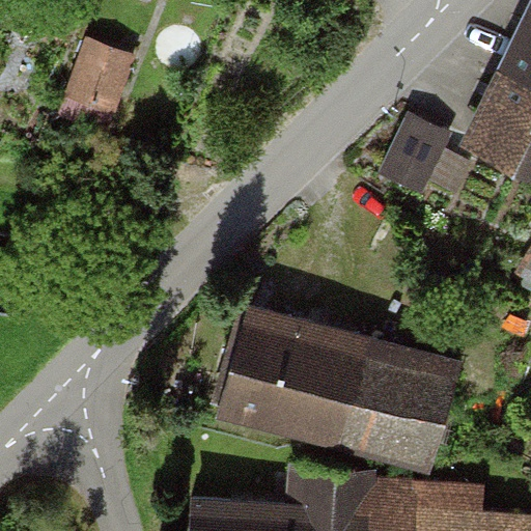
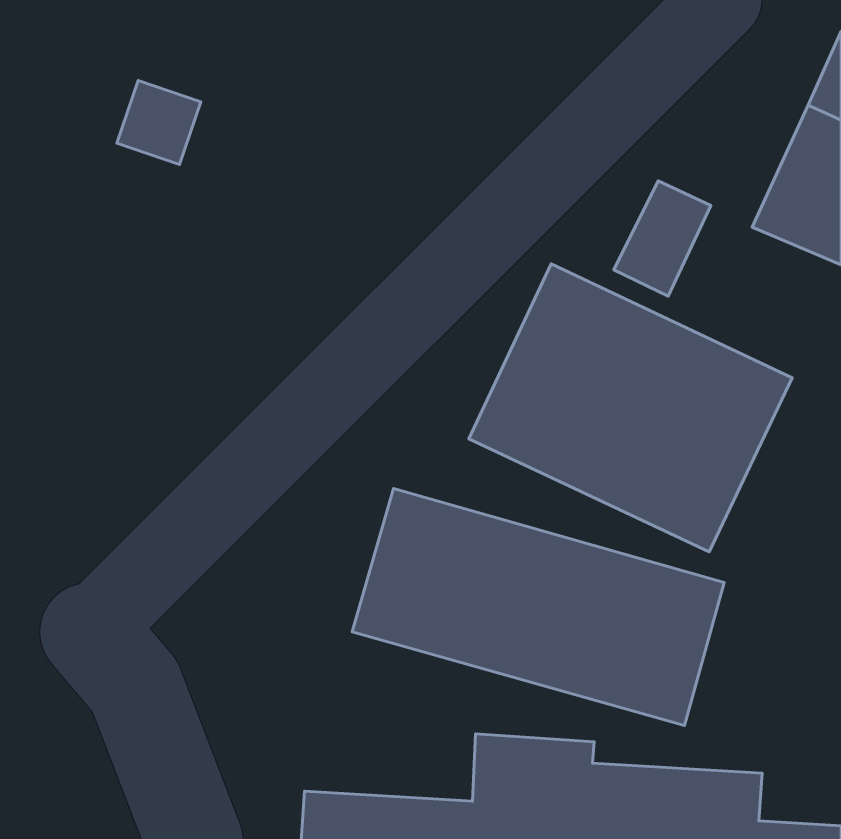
building: none -> [469,264,792,552]

